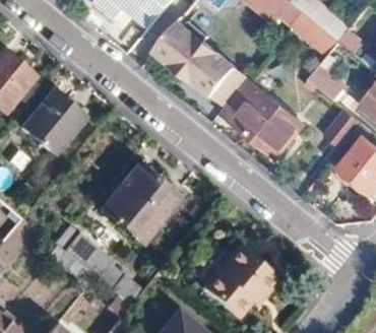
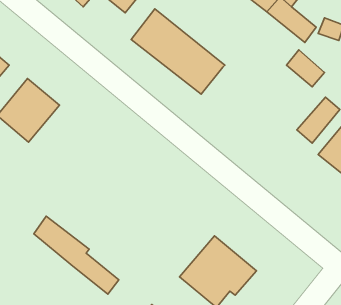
building: [222,79,302,155] -> none
building: [103,165,177,241] -> none

